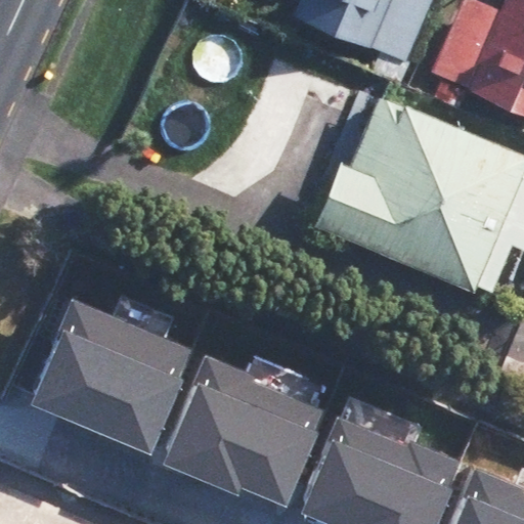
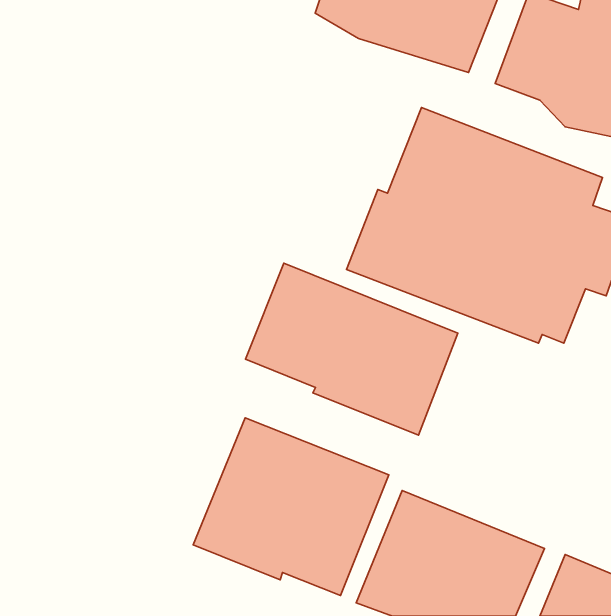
building: none -> [245,263,458,435]
building: [35,299,200,452] -> none

